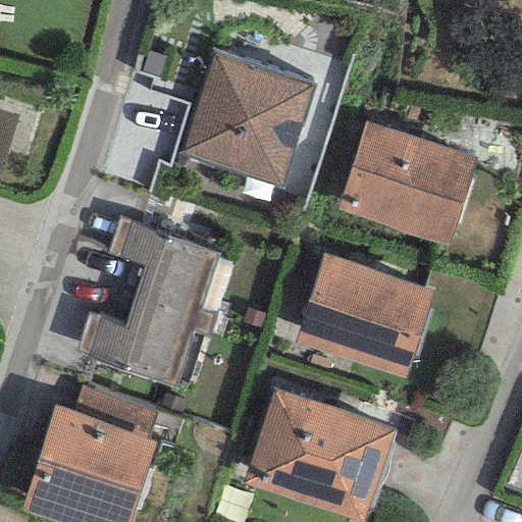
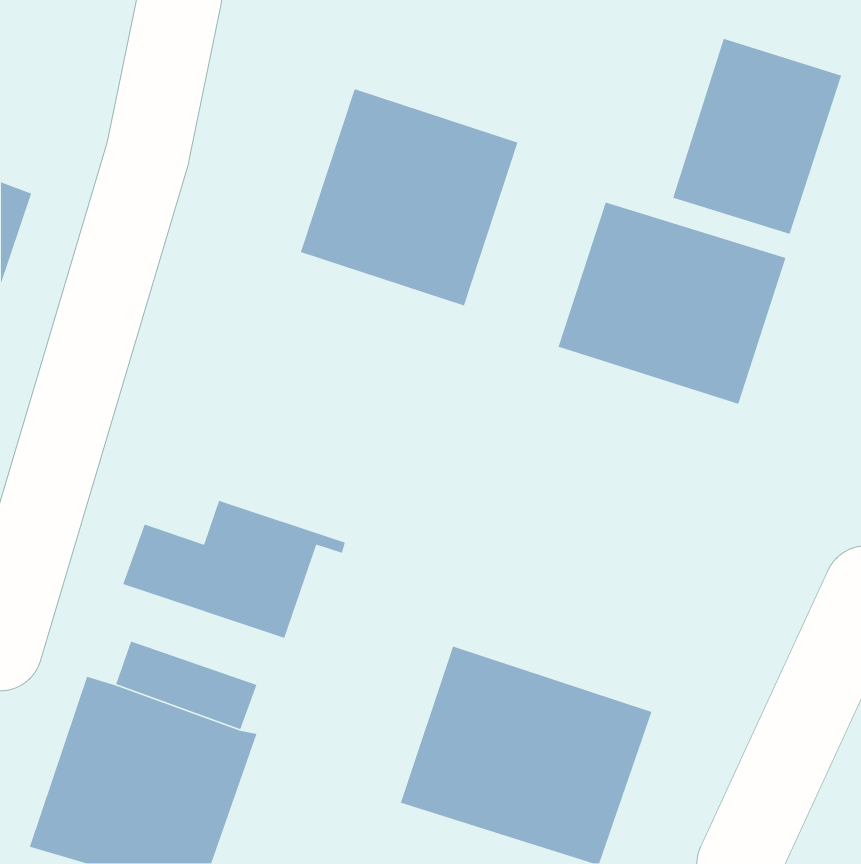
building: none -> [672,38,842,235]
building: [108,218,219,326] -> none
building: [297,254,436,378] -> none

